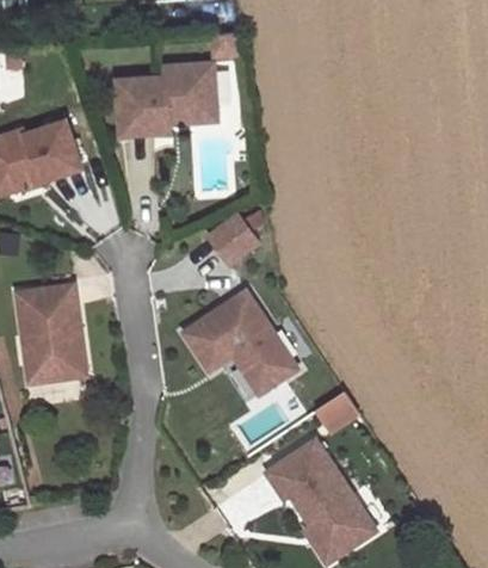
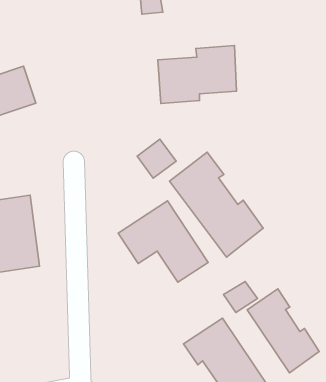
building: [116,62,215,135] -> [158,46,237,103]
building: none -> [170,152,263,257]
building: none -> [247,289,319,373]

